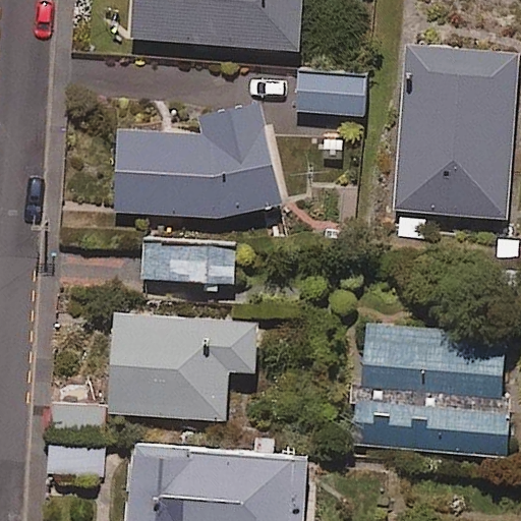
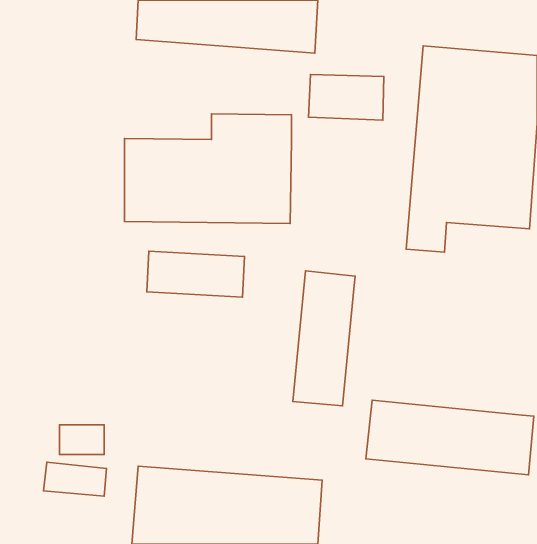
building: none -> [293,271,355,406]
building: [110,313,260,420] -> none
building: [356,320,506,397] -> none

